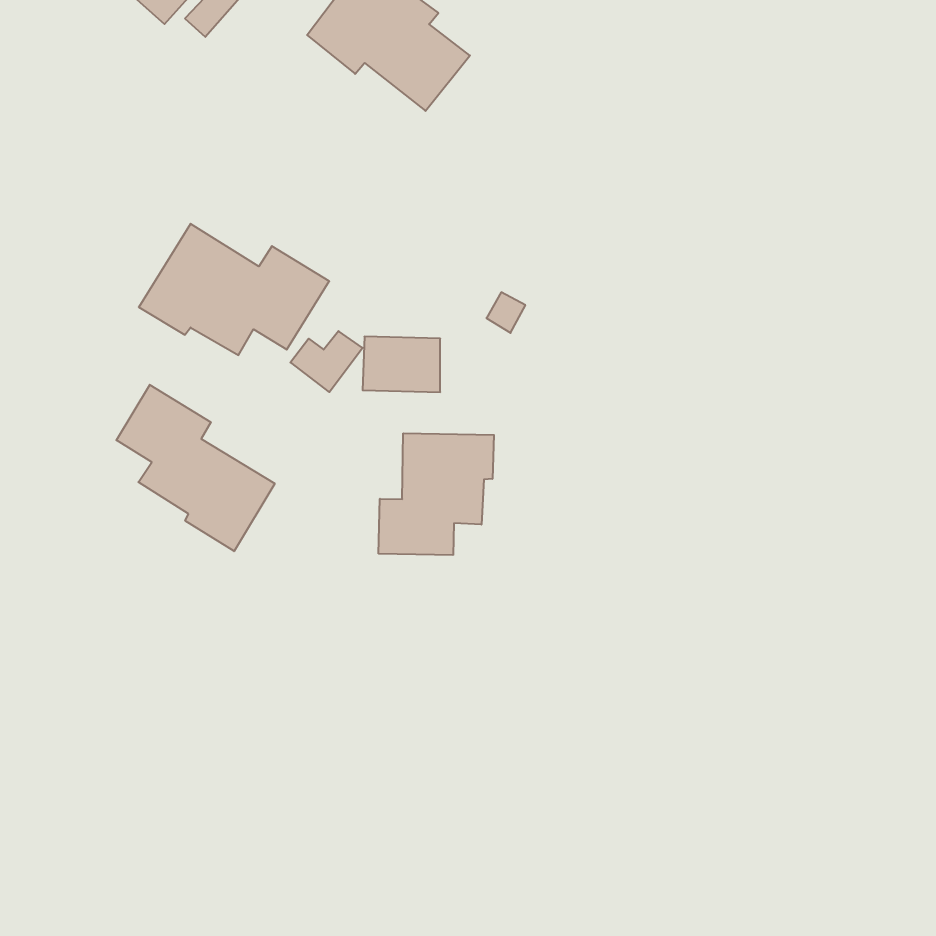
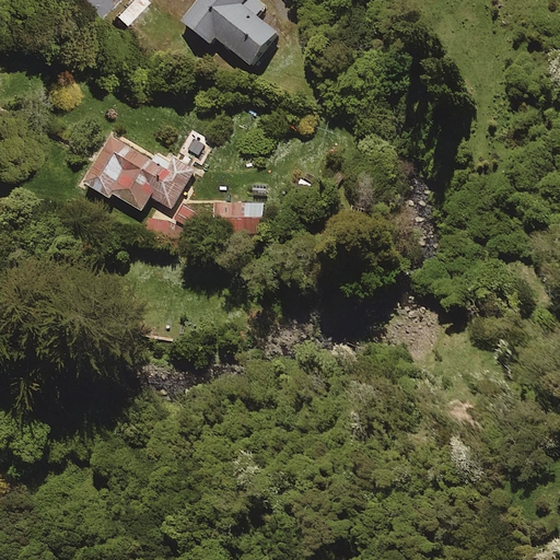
building: [116,385,275,551] -> none
building: [379,433,494,555] -> none

